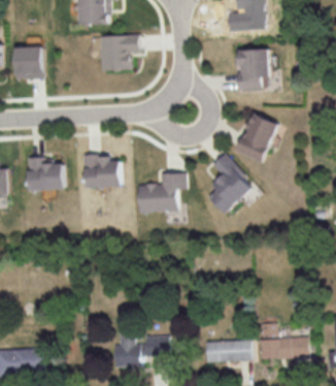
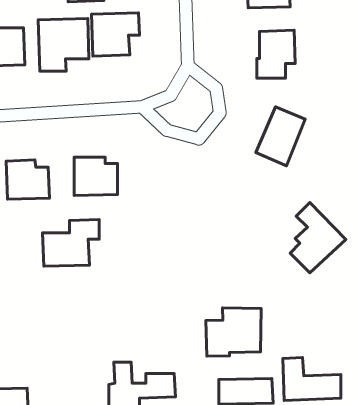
building: none -> [38,18,89,71]
building: [207,155,254,214] -> [290,203,346,273]
building: [138,173,186,213] -> [42,219,99,266]
building: none -> [206,308,261,356]

